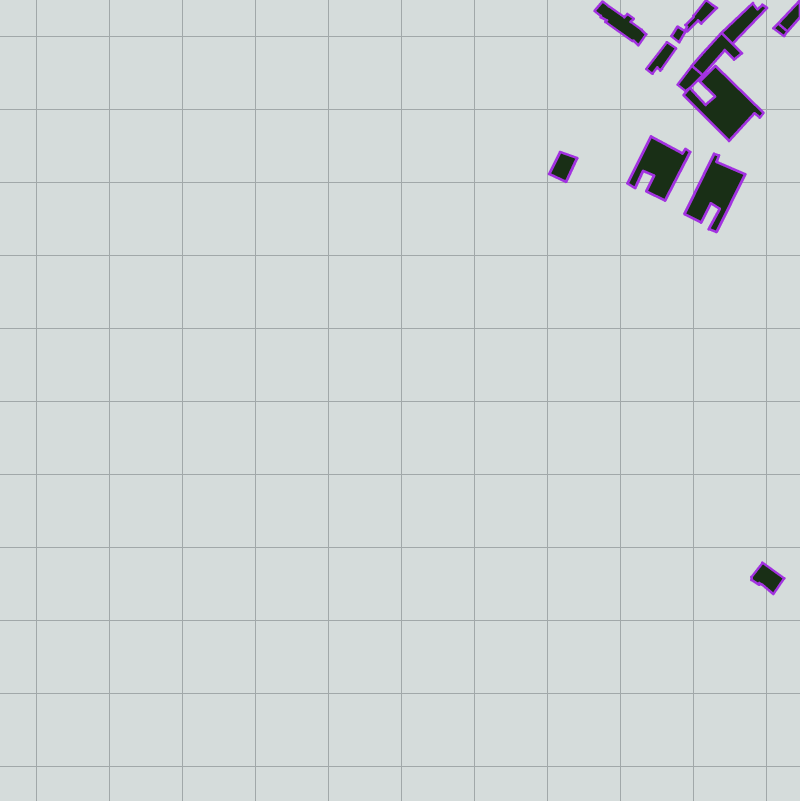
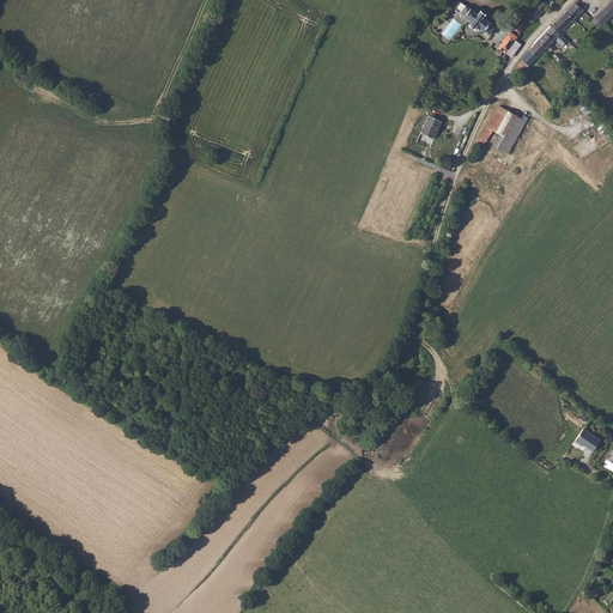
building: [684,66,763,141] -> none
building: [685,154,745,232] -> none

